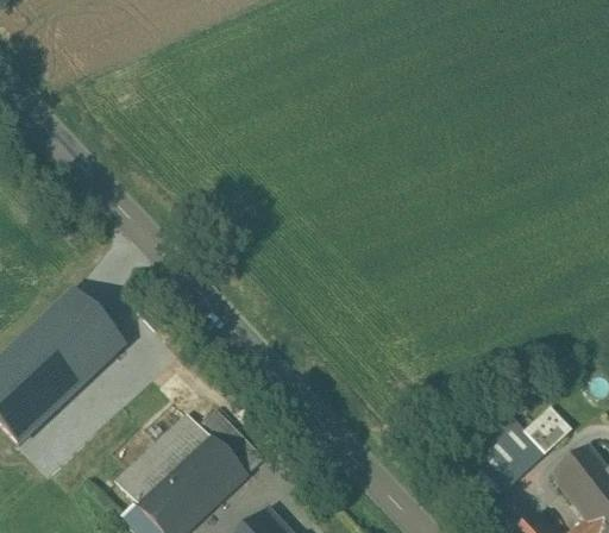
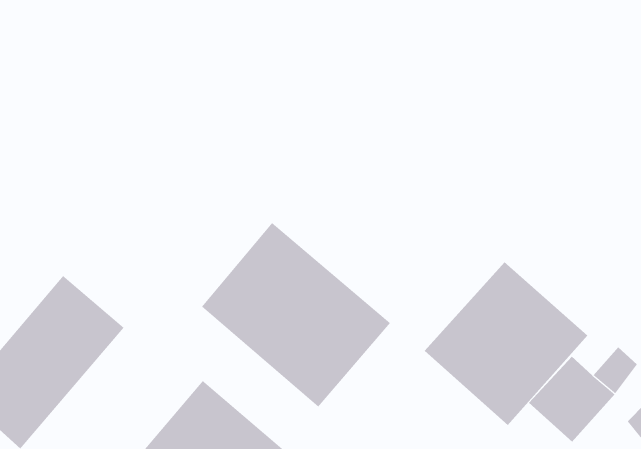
building: none -> [201,222,391,408]
building: none -> [424,262,588,426]

